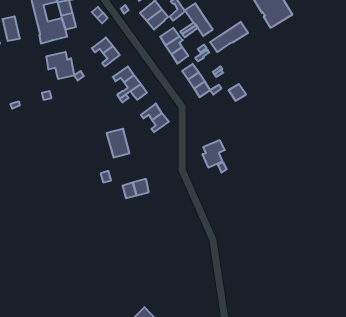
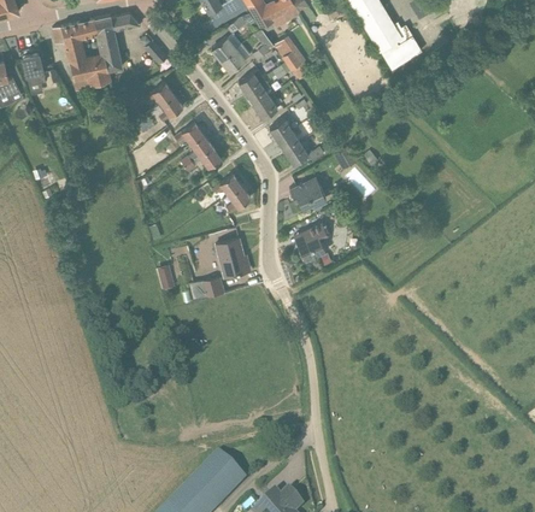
building: [210,22,248,52] -> none
building: [47,52,74,79] -> none
building: none -> [289,178,325,211]
building: [107,129,129,158] -> [216,237,247,277]

